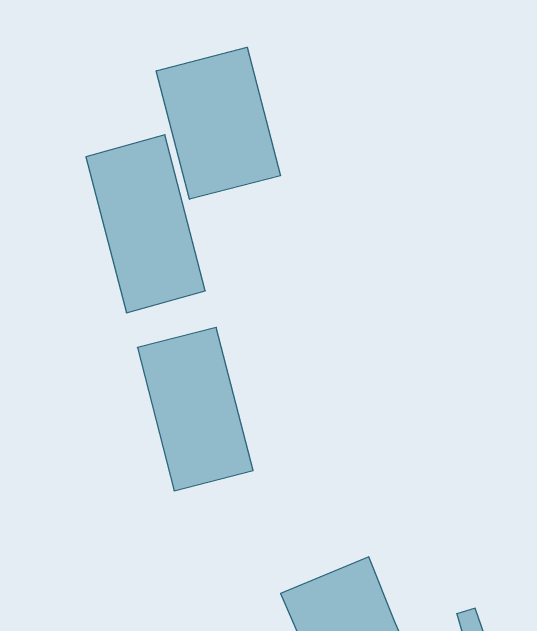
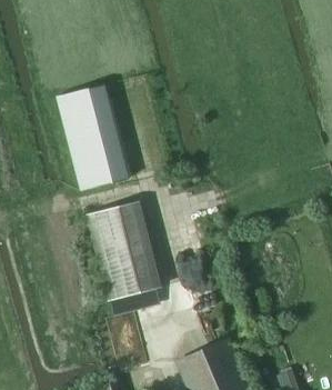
building: [156,47,280,199] -> none

